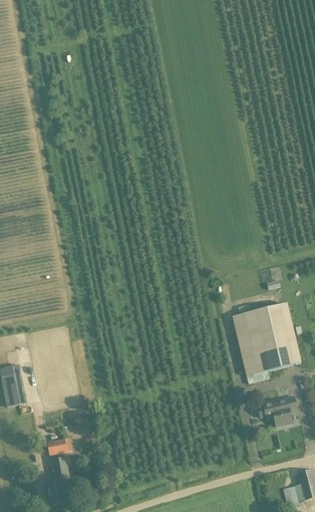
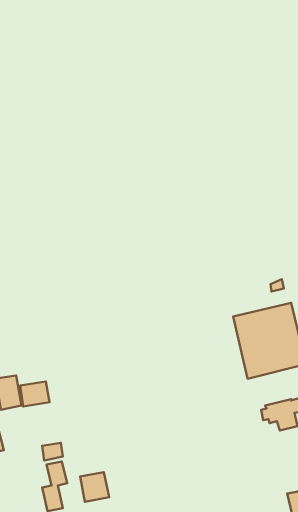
building: none -> [20,381,50,406]
building: none -> [80,472,109,502]

